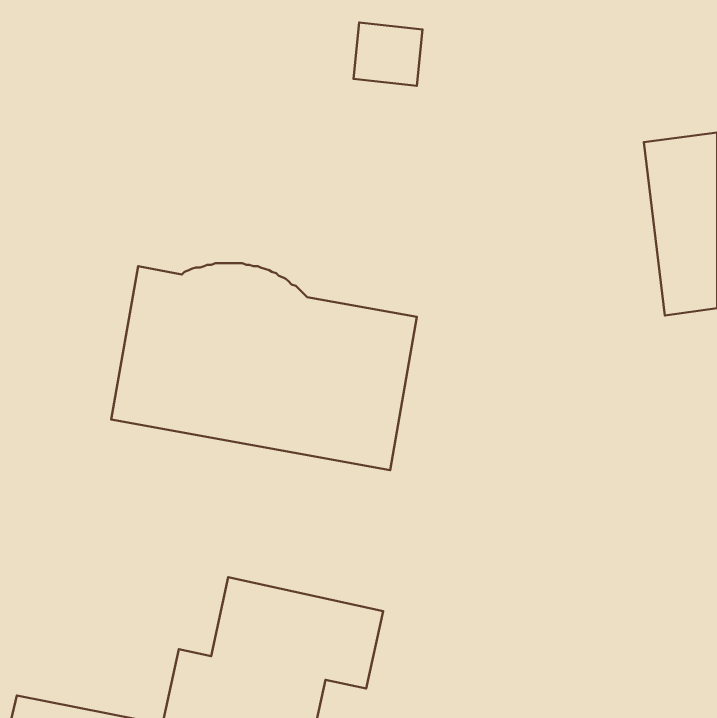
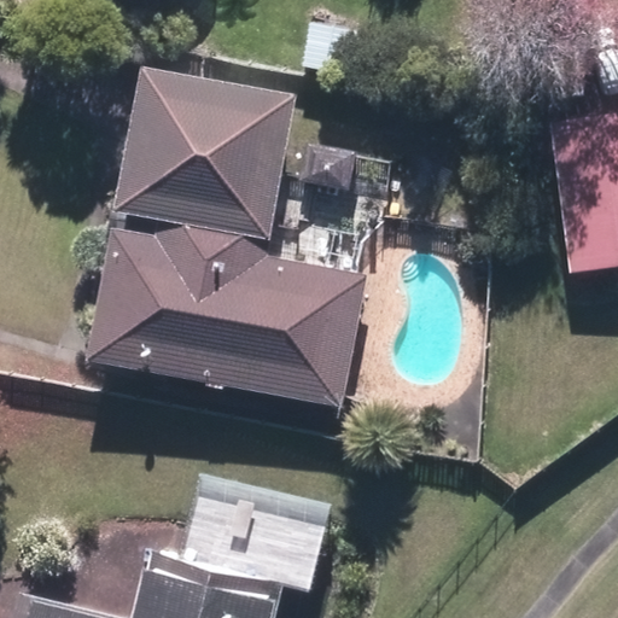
building: none -> [115,62,296,235]

